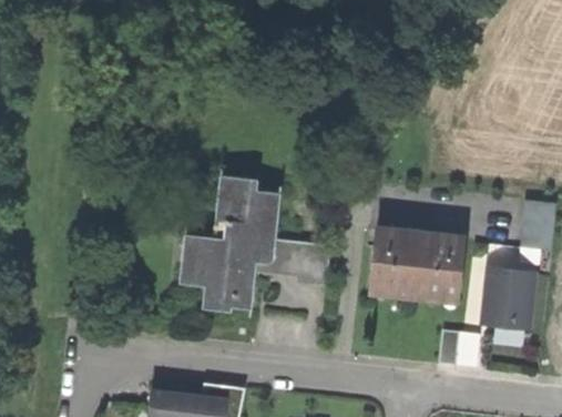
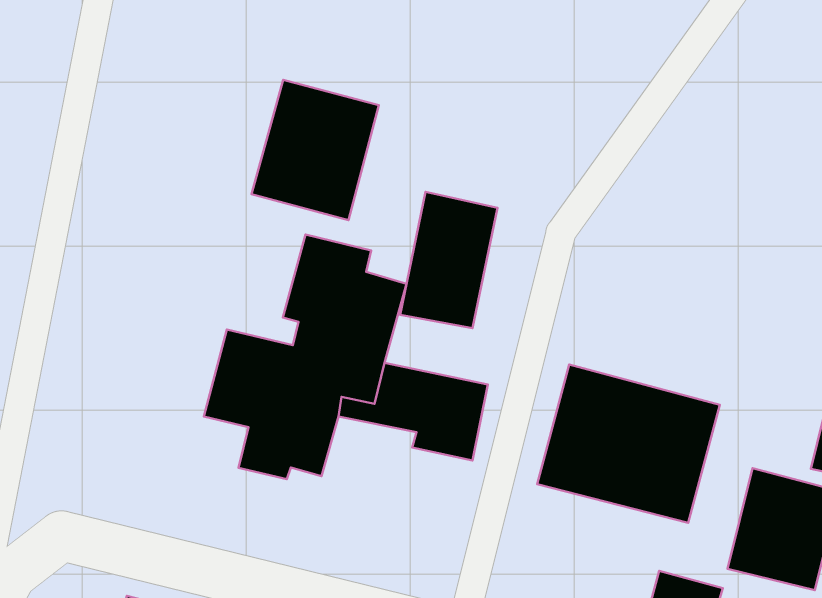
building: none -> [251,80,379,220]
building: none -> [400,192,497,328]

